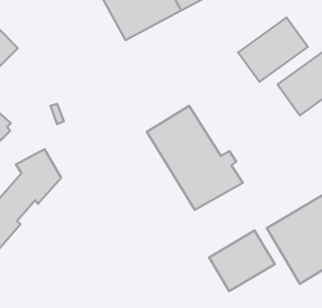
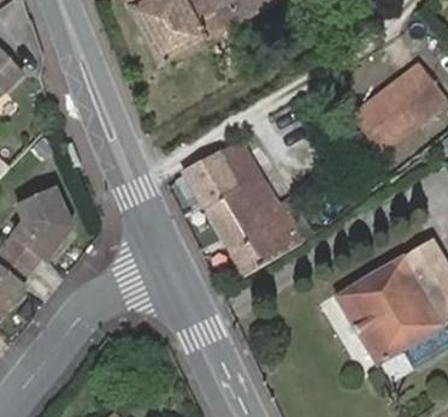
building: [238,18,308,82] -> none
building: [209,230,275,291] -> none

